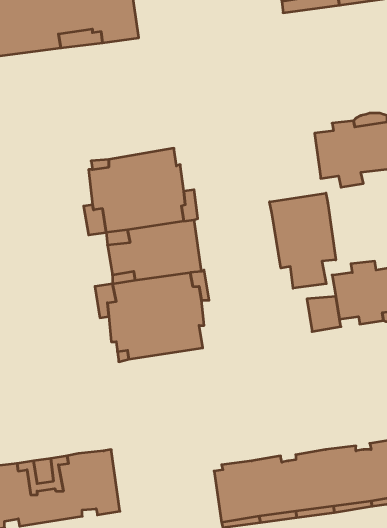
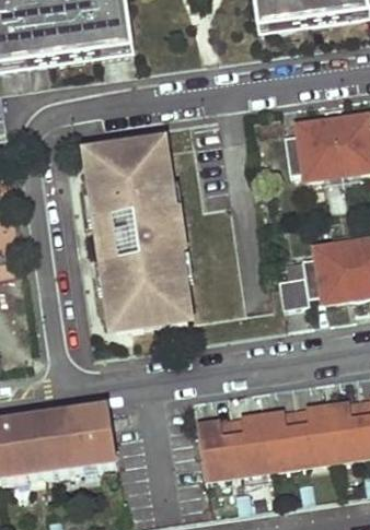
building: [270,193,336,288] -> none

